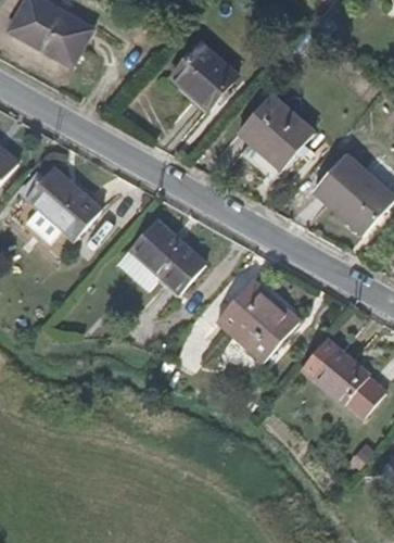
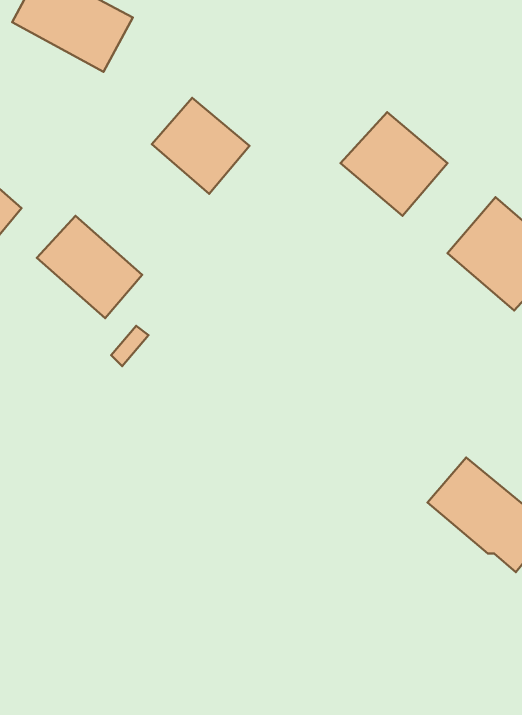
building: [170,43,239,111] -> [152,98,250,194]
building: [129,219,205,294] -> none
building: [215,279,298,361] -> none

